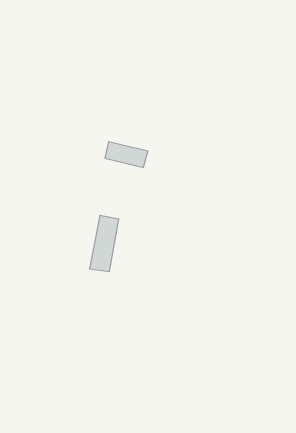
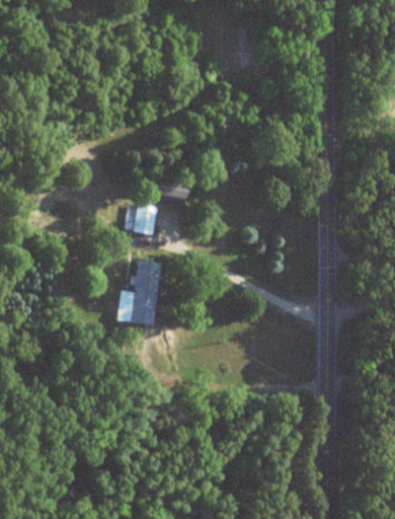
building: none -> [126,203,157,235]

